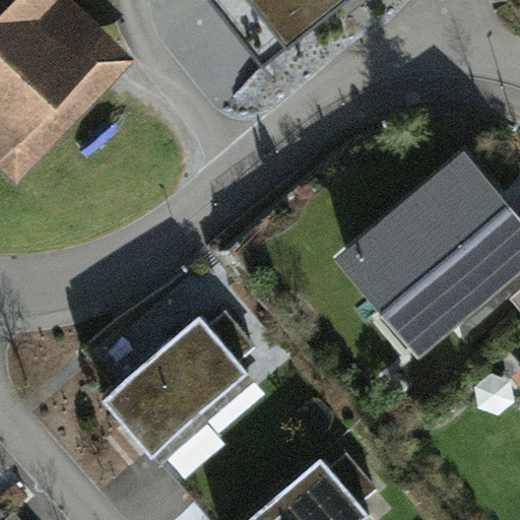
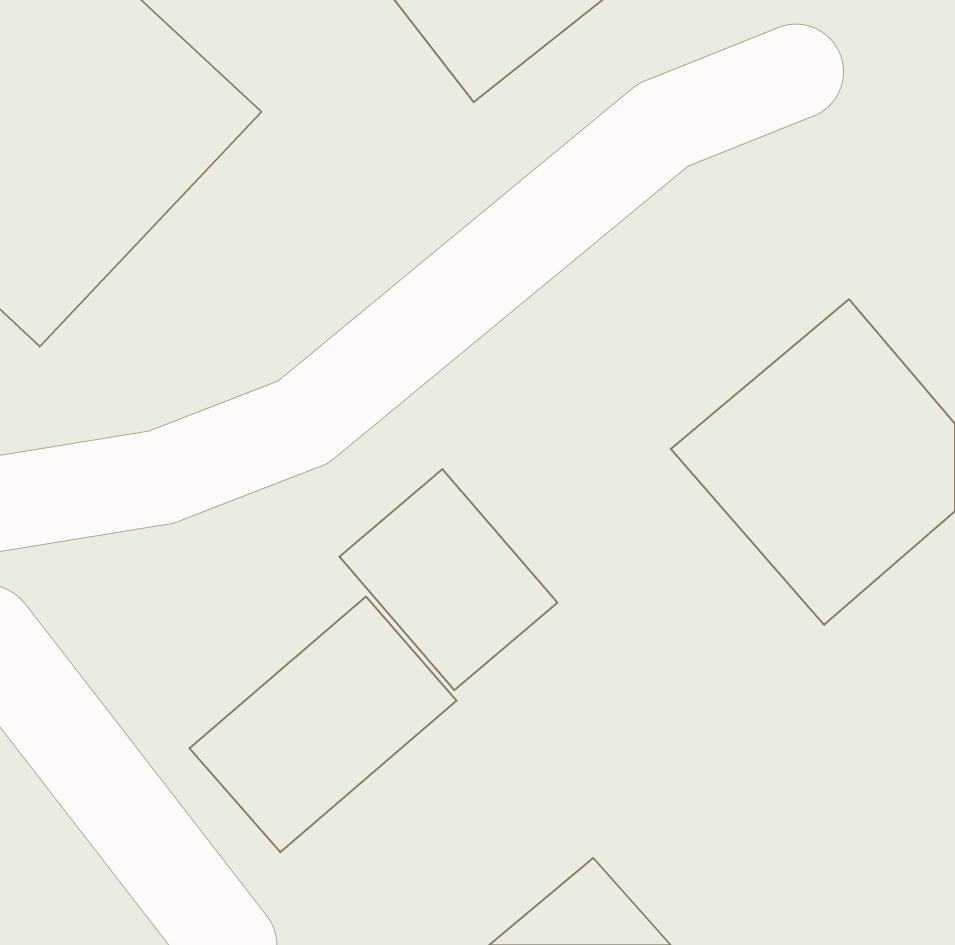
building: none -> [339,469,557,690]

